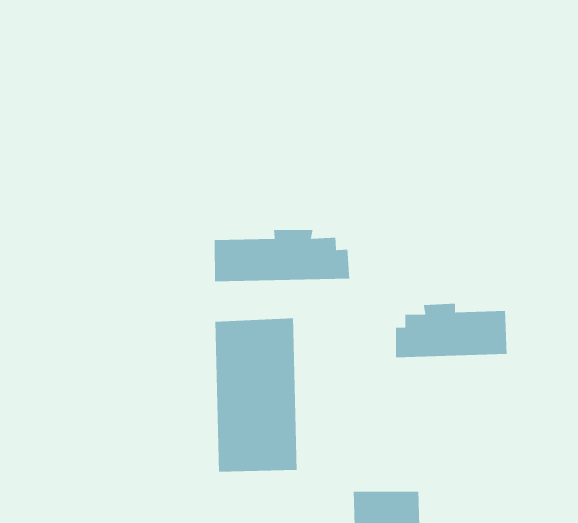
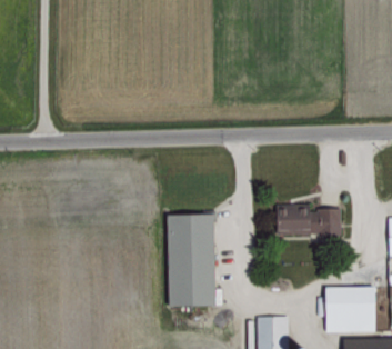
building: [214,229,350,282] -> none
building: none -> [323,286,376,332]

